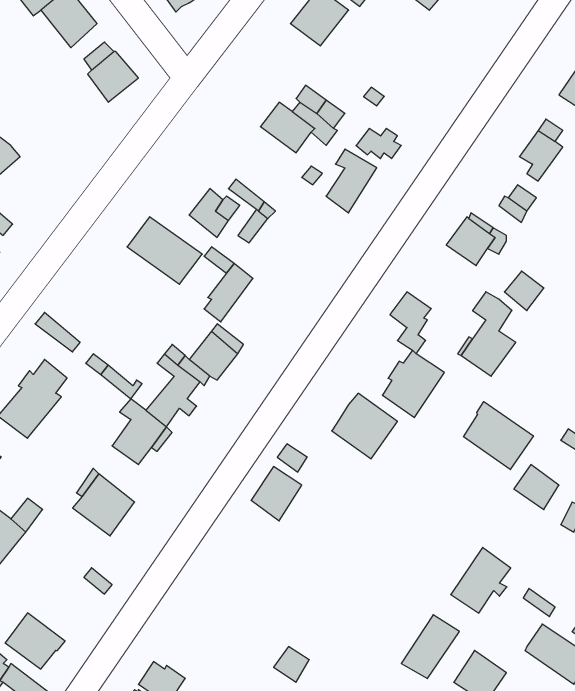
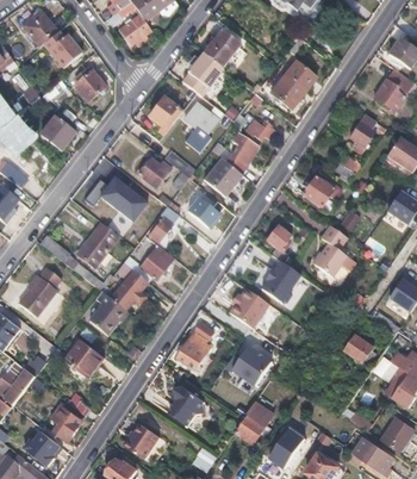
building: none -> [183,52,223,95]
building: none -> [270,60,317,107]
building: none -> [149,94,182,136]
building: none -> [42,116,74,149]
building: none -> [204,157,243,195]
building: none -> [186,193,220,225]
building: none -> [79,222,119,266]
building: [464,402,533,470] -> none
building: none -> [225,344,273,384]
building: none -> [169,382,207,424]
building: [451,547,511,613] -> [236,400,274,442]
building: none -> [55,405,82,441]
building: none -> [124,422,161,456]

